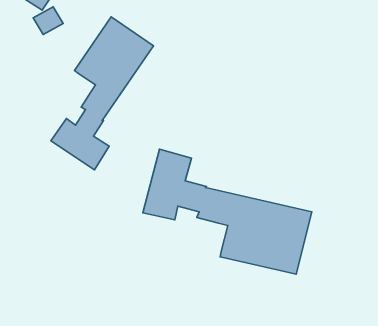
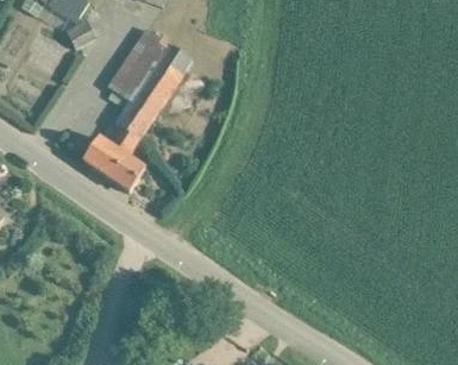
building: [143,149,312,274] -> none

